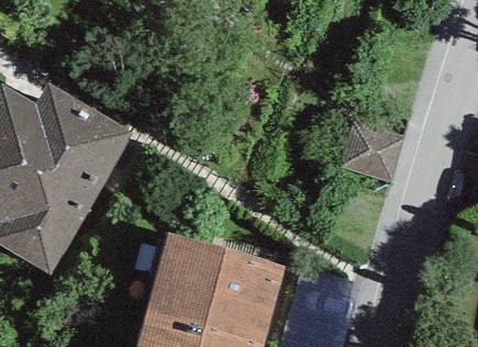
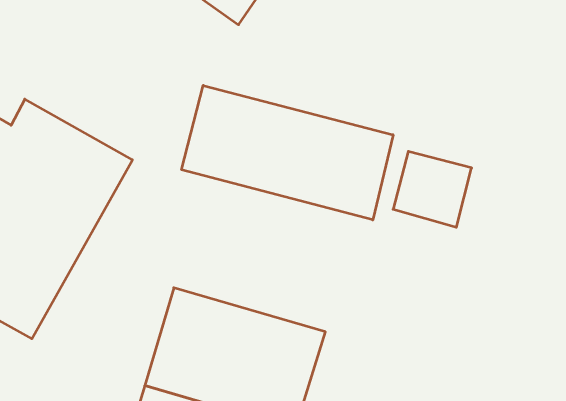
building: none -> [182,85,393,220]

